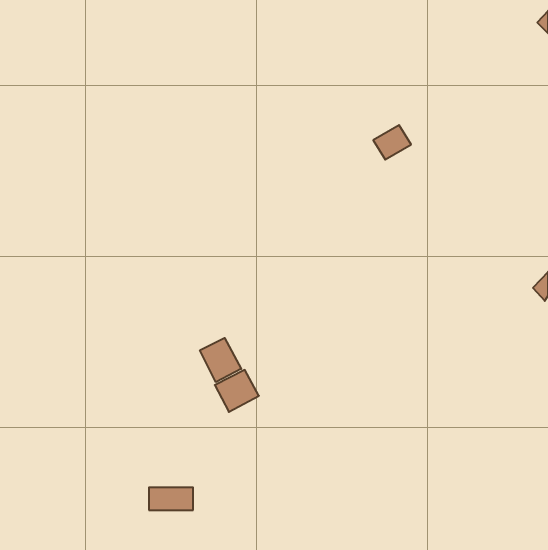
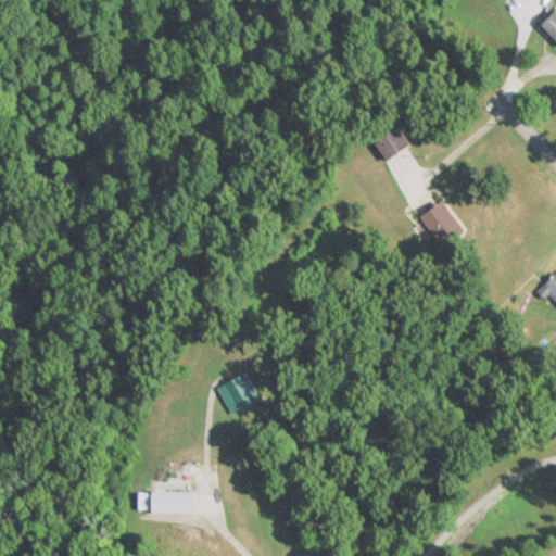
building: none -> [425,203,462,243]
building: [200,338,241,382] -> none

